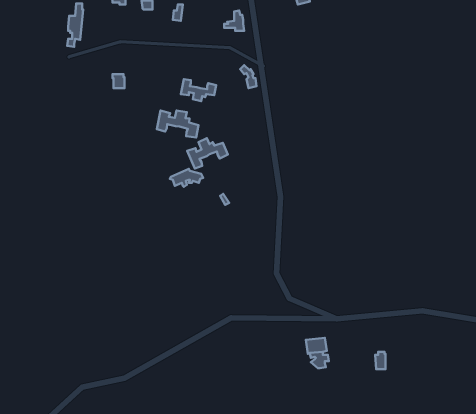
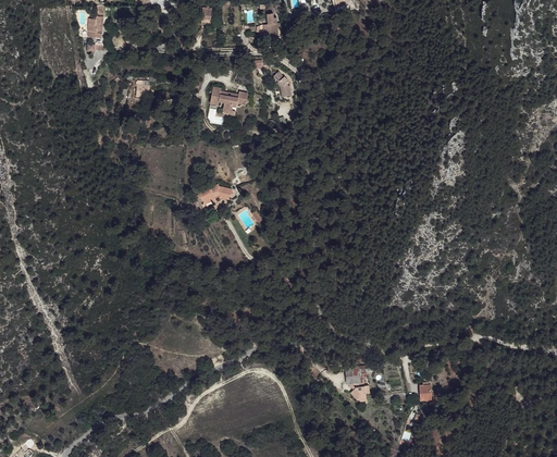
building: [157,111,199,138] -> none
building: [187,138,228,169] -> none

